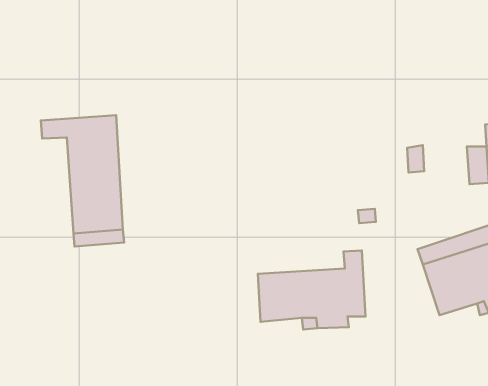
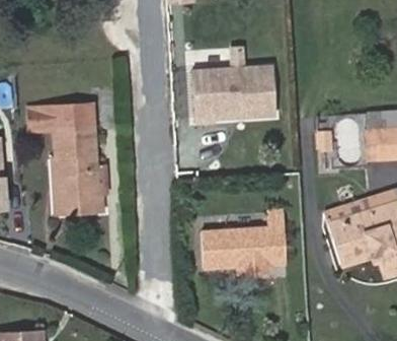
building: none -> [193,66,273,122]

